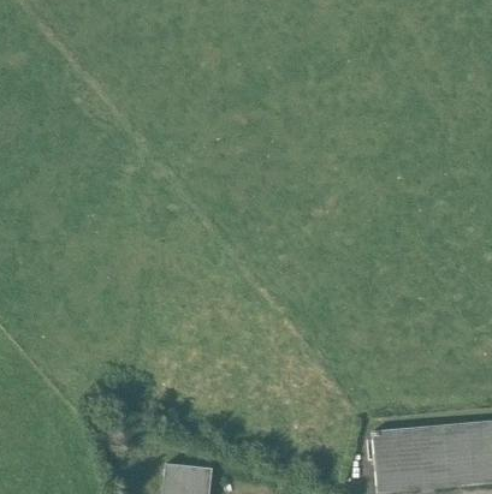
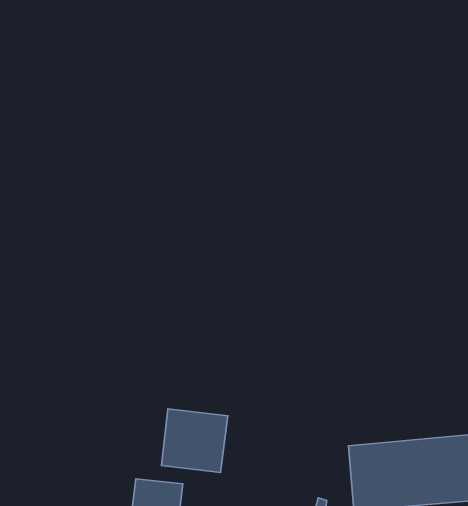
building: none -> [162,409,228,472]

